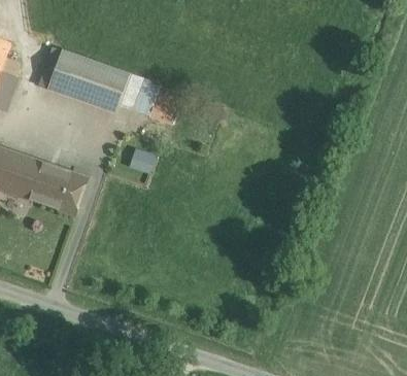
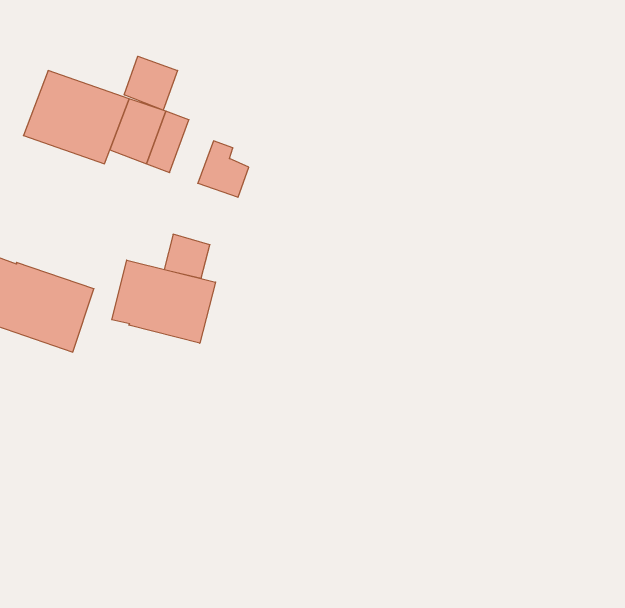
building: none -> [124,56,178,110]
building: none -> [112,260,216,343]

